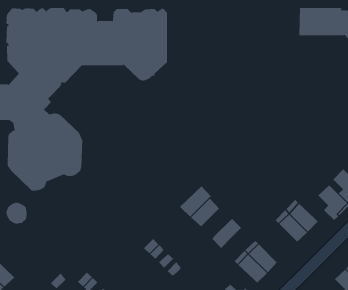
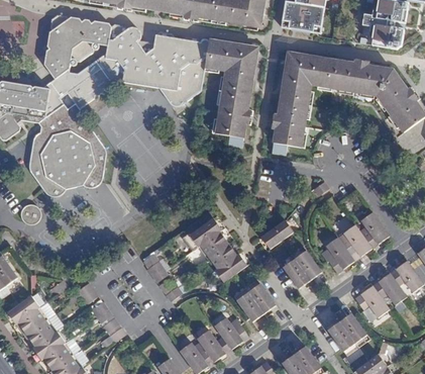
building: none -> [273,58,336,148]
building: none -> [204,39,251,137]
building: none -> [260,220,293,249]
building: none -> [206,243,236,269]

